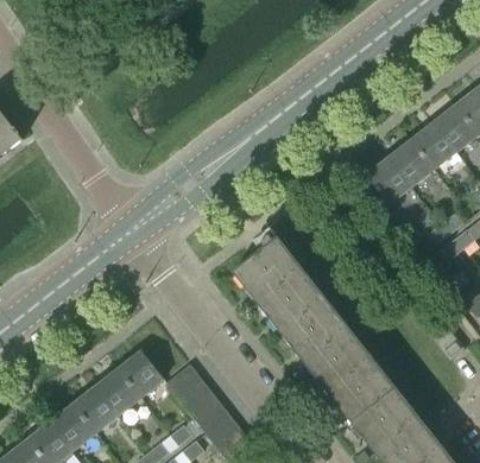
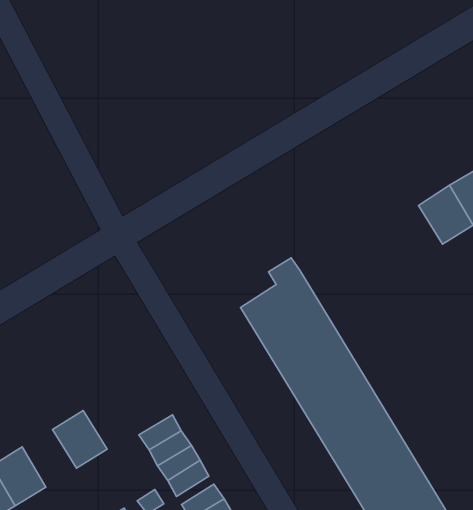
building: [119,350,164,397] -> none
building: [74,386,119,432] -> none

